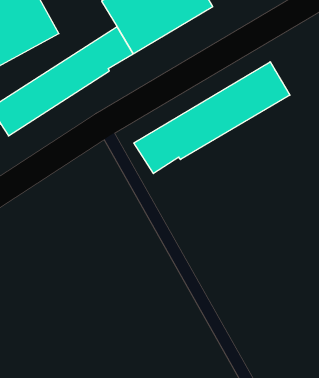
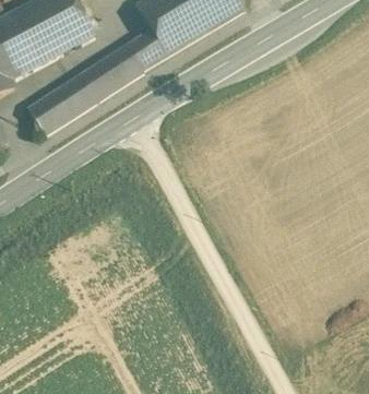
building: [134,62,290,174] -> none

